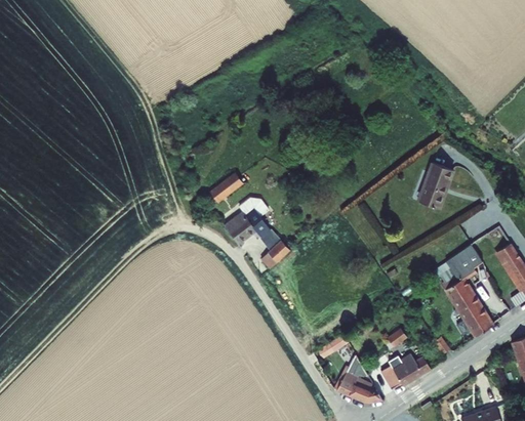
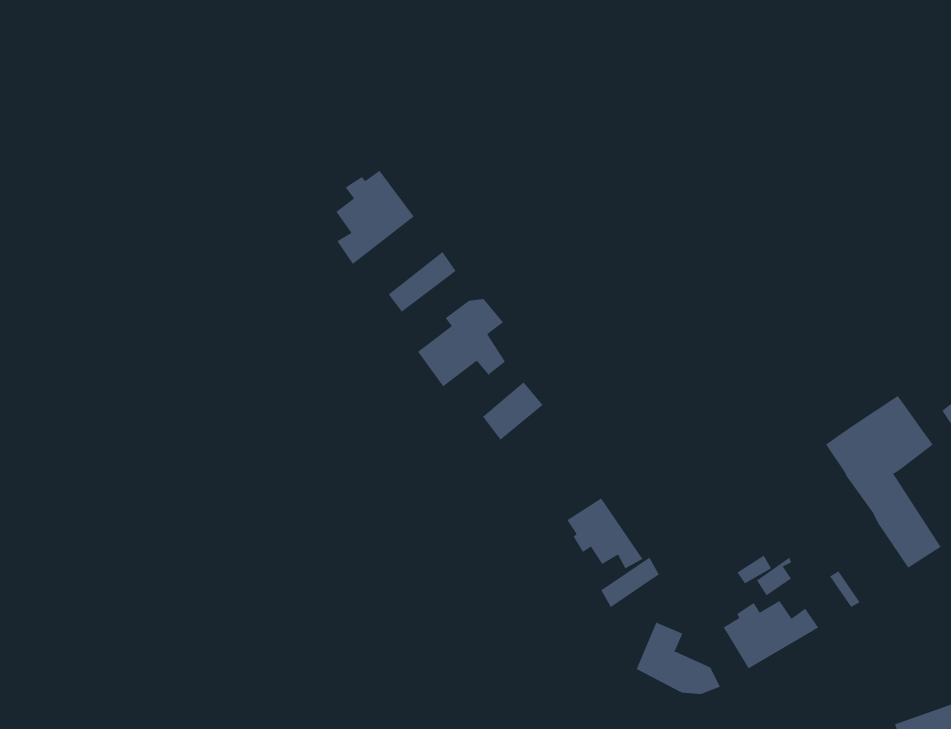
building: none -> [336,170,415,265]
building: [416,156,449,204] -> none
building: none -> [567,498,643,569]

